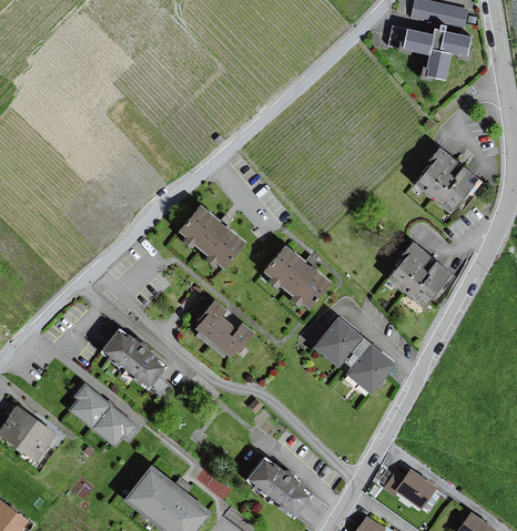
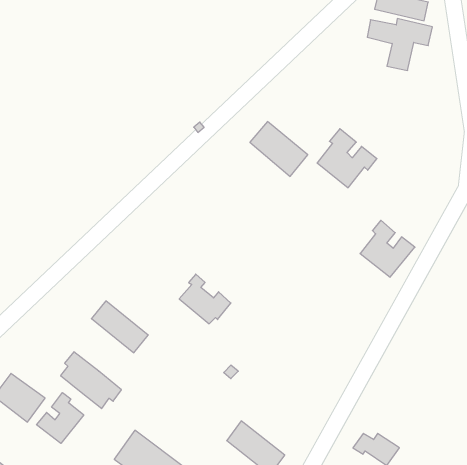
building: [415,146,479,210] -> [317,129,377,188]
building: [181,208,243,267] -> none
building: [267,248,330,307] -> [250,122,308,176]
building: [314,318,394,392] -> none
building: none -> [37,393,84,443]

